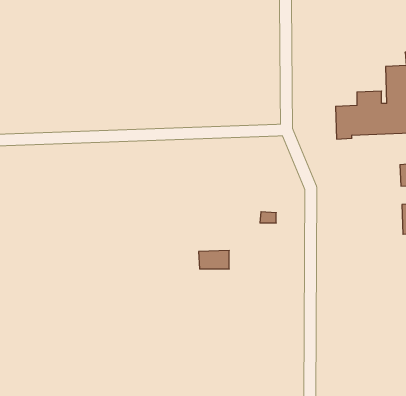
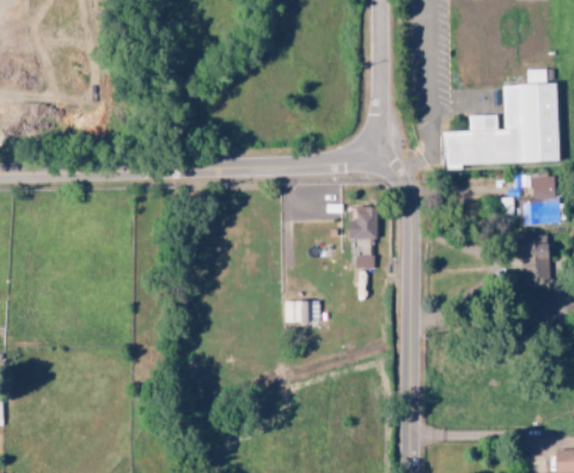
building: none -> [349,207,378,238]

